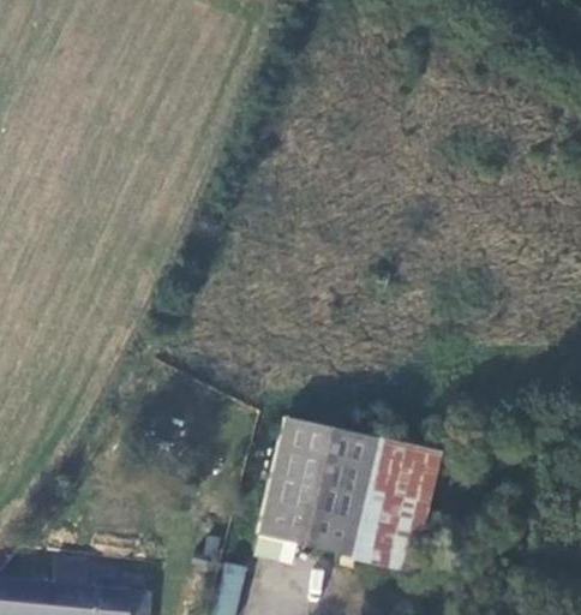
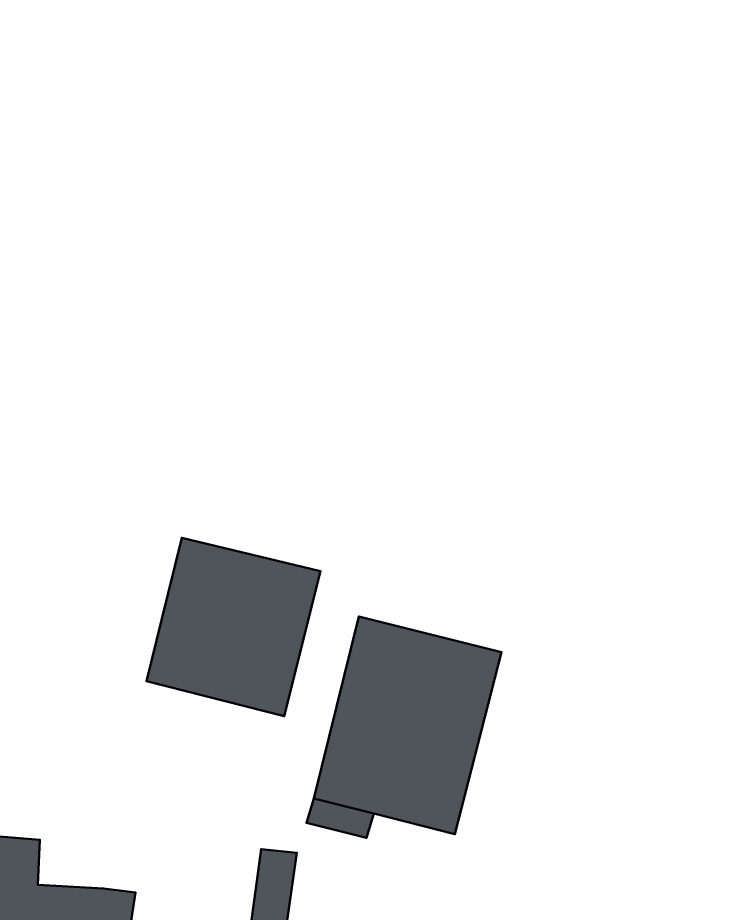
building: none -> [146,538,321,716]
building: [348,440,437,571] -> none

